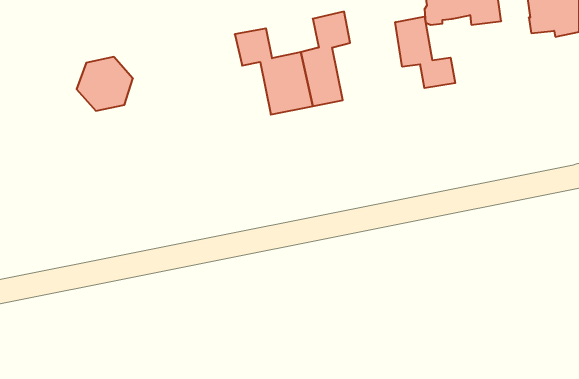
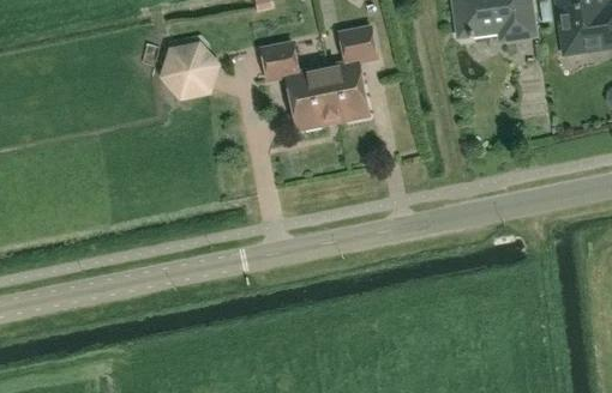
building: [395,17,455,88] -> none
building: [77,57,133,111] -> [164,42,221,96]

